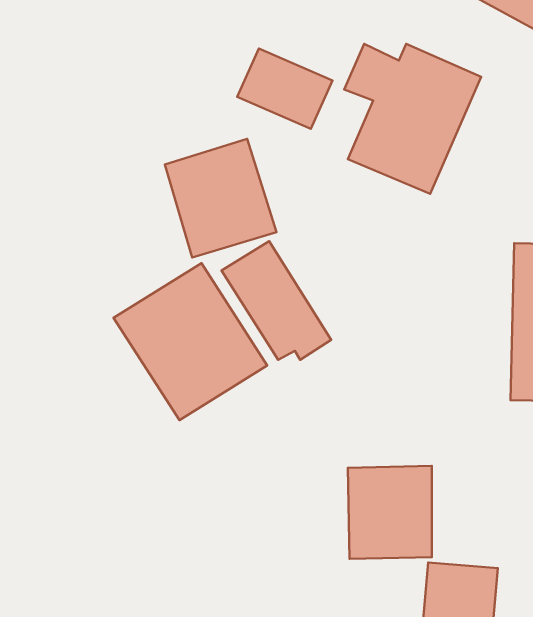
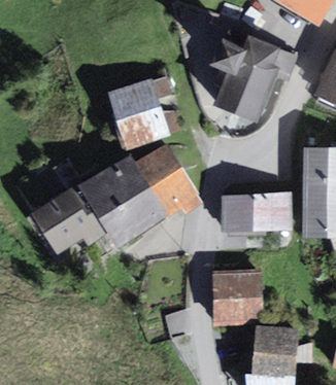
building: [237,48,332,129] -> none
building: none -> [29,185,100,257]
building: none -> [219,190,287,229]

